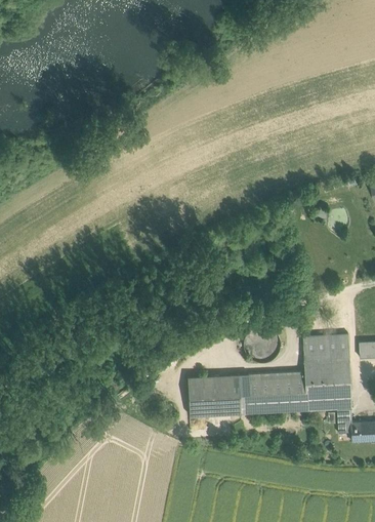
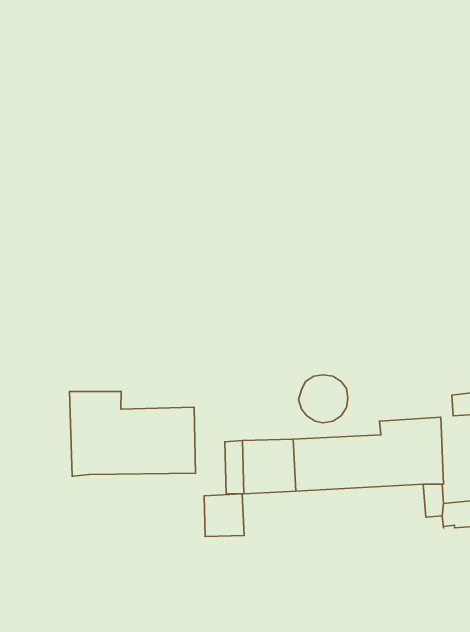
building: [302,334,349,362] -> none
building: none -> [70,391,195,476]
building: none -> [204,494,244,536]

